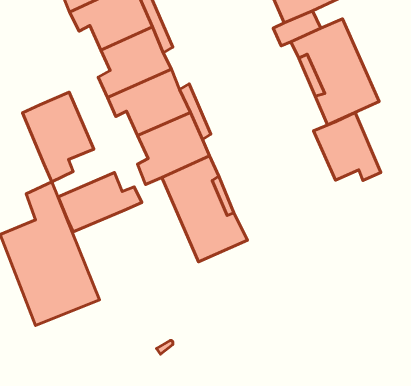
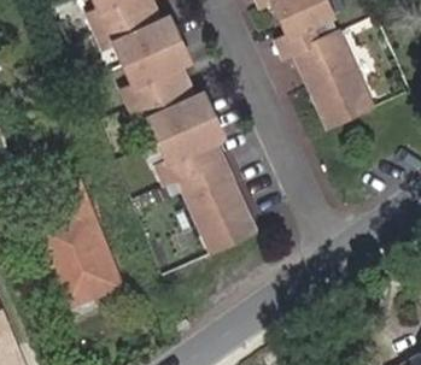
building: [22,92,94,182] -> none
building: [313,112,381,181] -> none
building: [58,172,142,232] -> none

